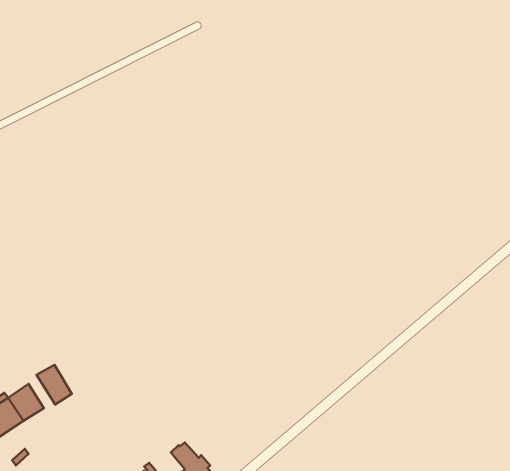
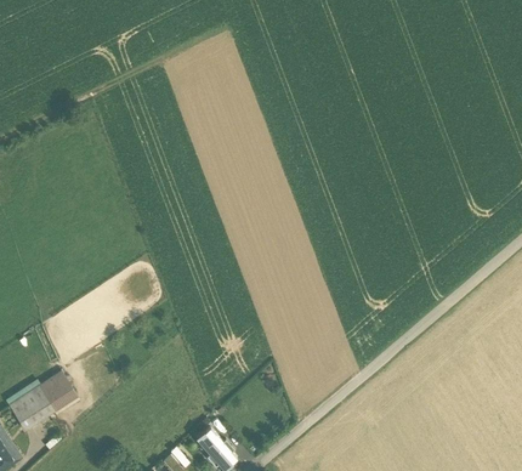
building: [37,365,72,405] -> none

